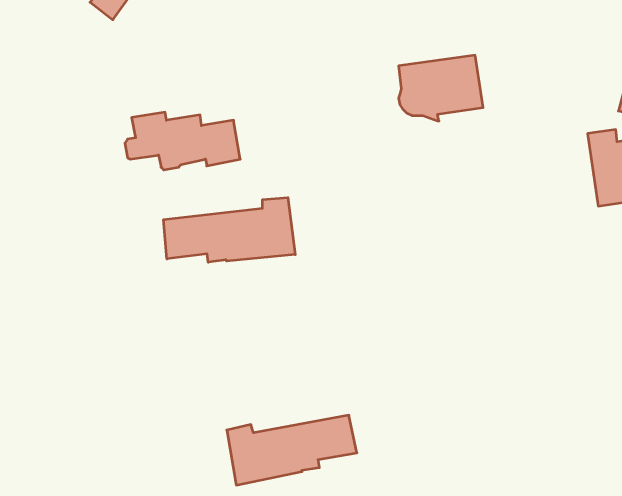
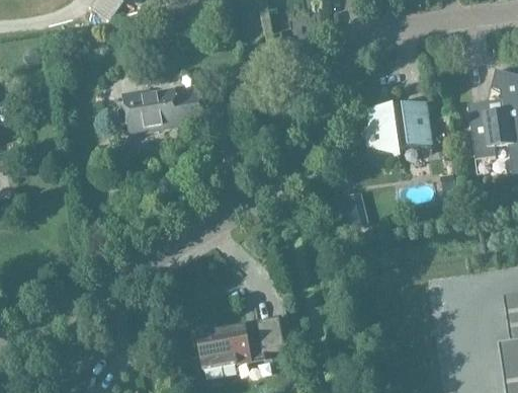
building: [399,55,483,121] -> [368,103,432,153]
building: [164,198,295,262] -> none

